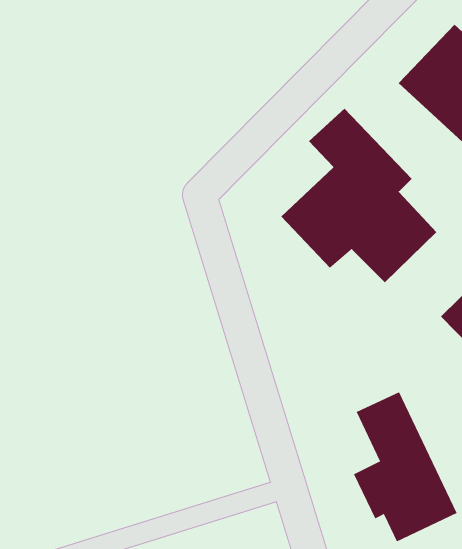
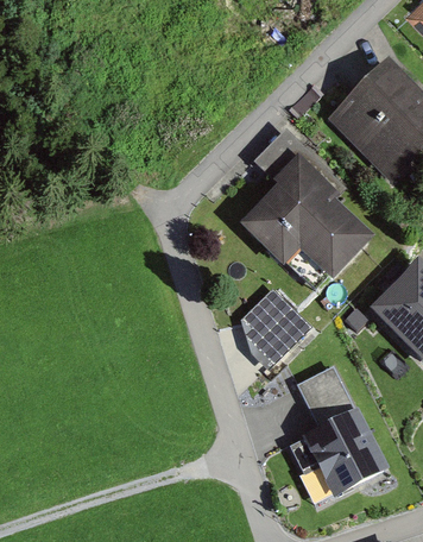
building: none -> [241,281,320,359]

